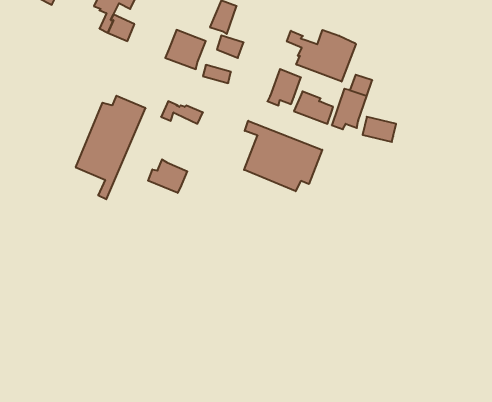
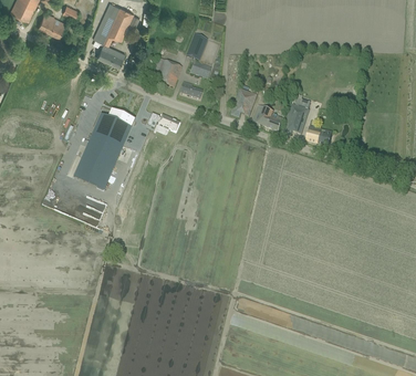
building: [287,30,356,82] -> none
building: [244,121,322,191] -> none
building: [148,159,187,193] -> none

